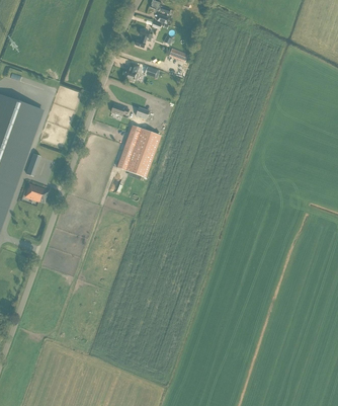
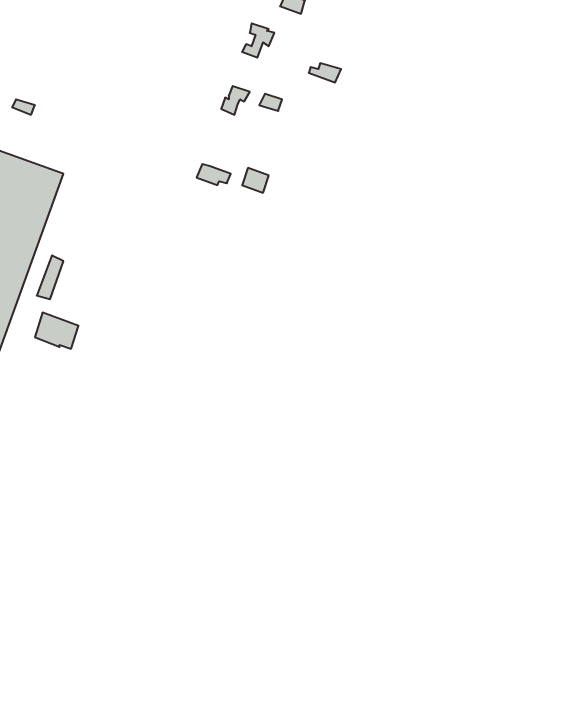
building: [118,124,162,176] -> none

